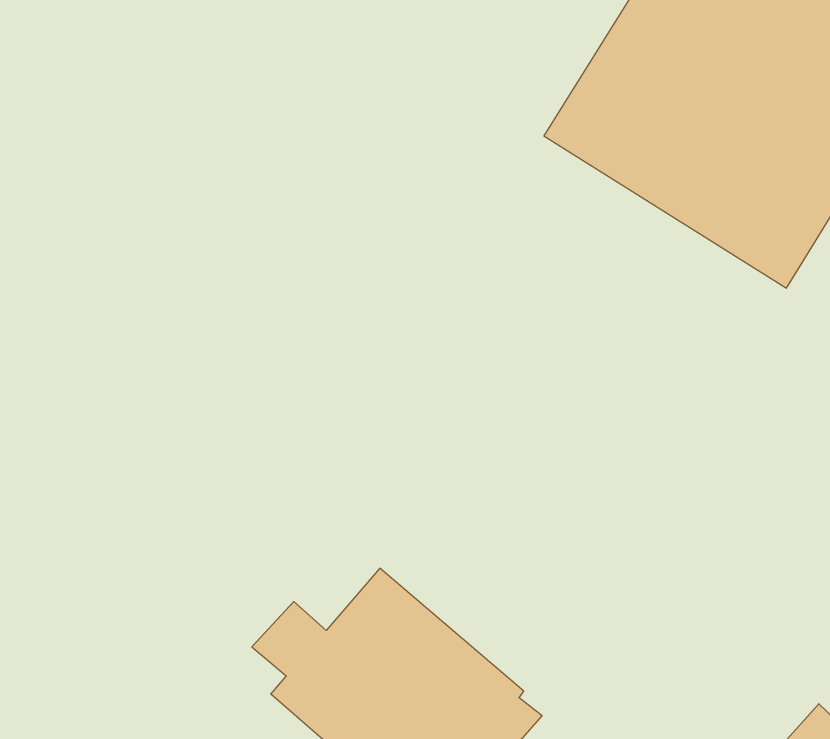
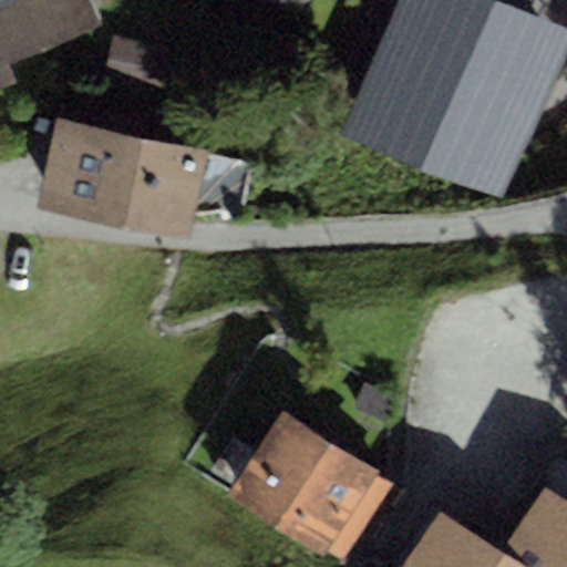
building: none -> [39,104,255,236]

